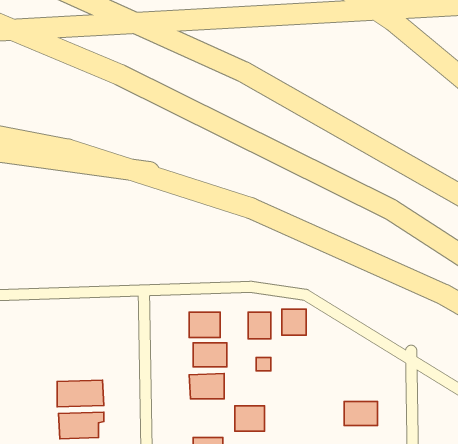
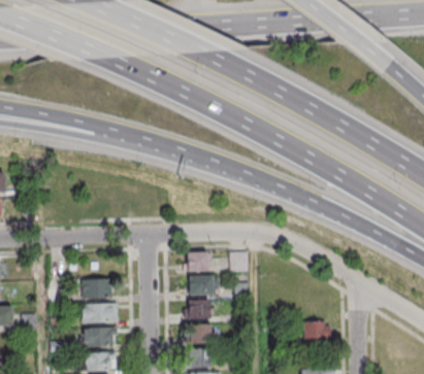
building: [282,309,306,335] -> none
building: none -> [84,278,112,298]
building: [235,406,264,431] -> [189,324,211,343]

